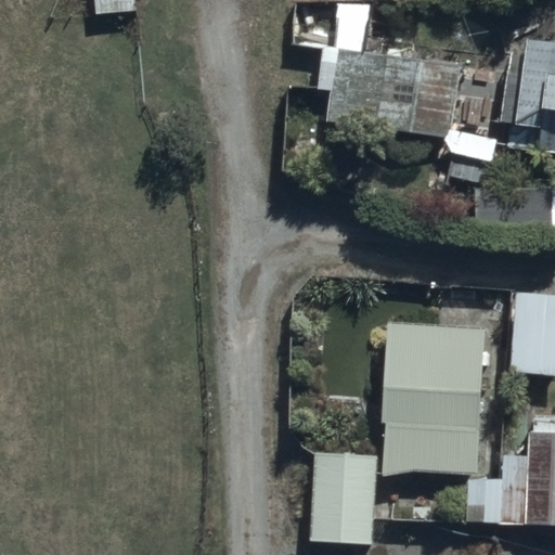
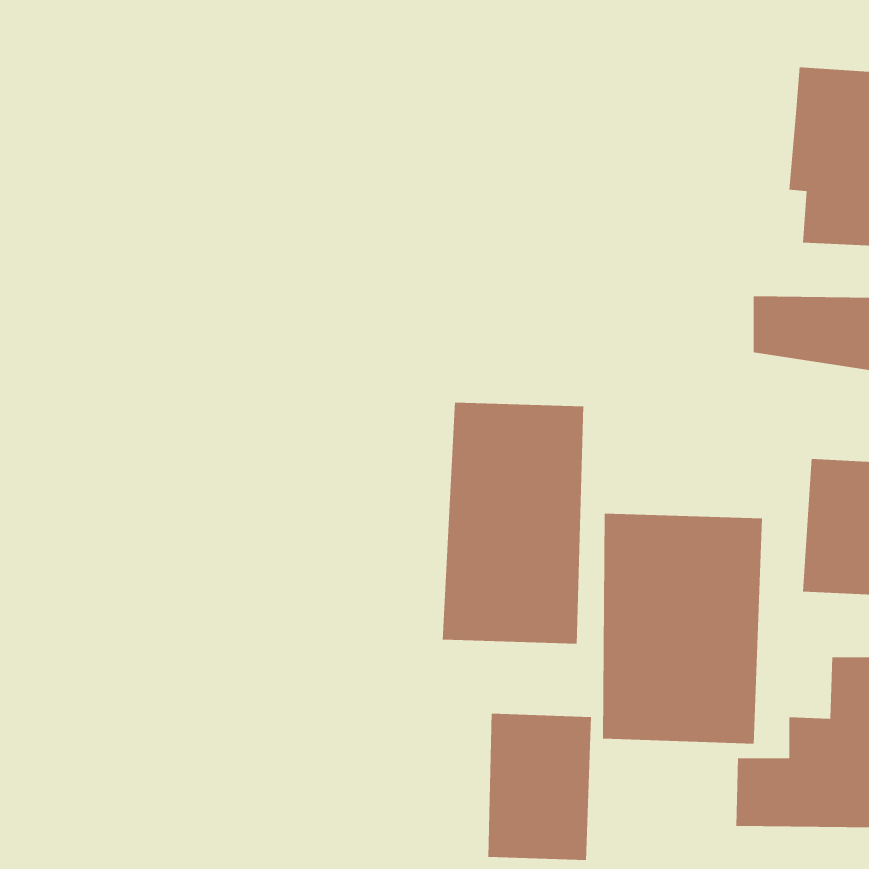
building: [318,44,502,183] -> none
building: none -> [442,402,584,644]

